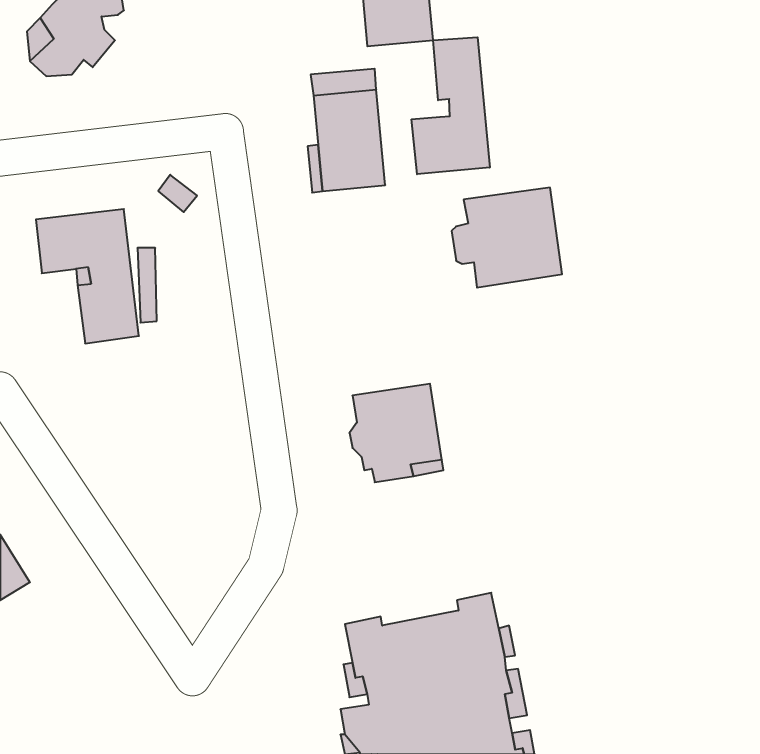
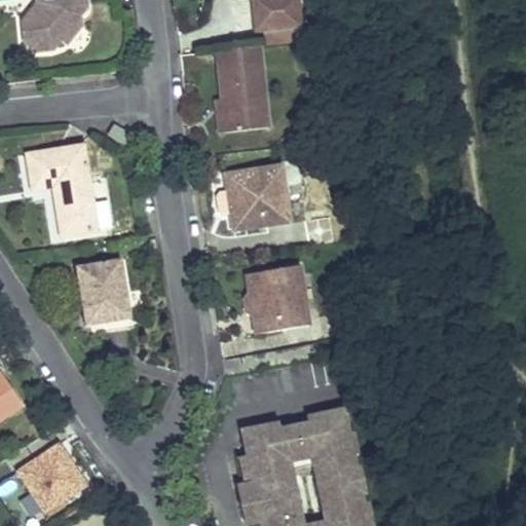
building: [412,37,490,174] -> none
building: [452,188,562,288] -> [215,162,291,231]
building: none -> [72,260,139,334]
building: none -> [26,443,85,505]

